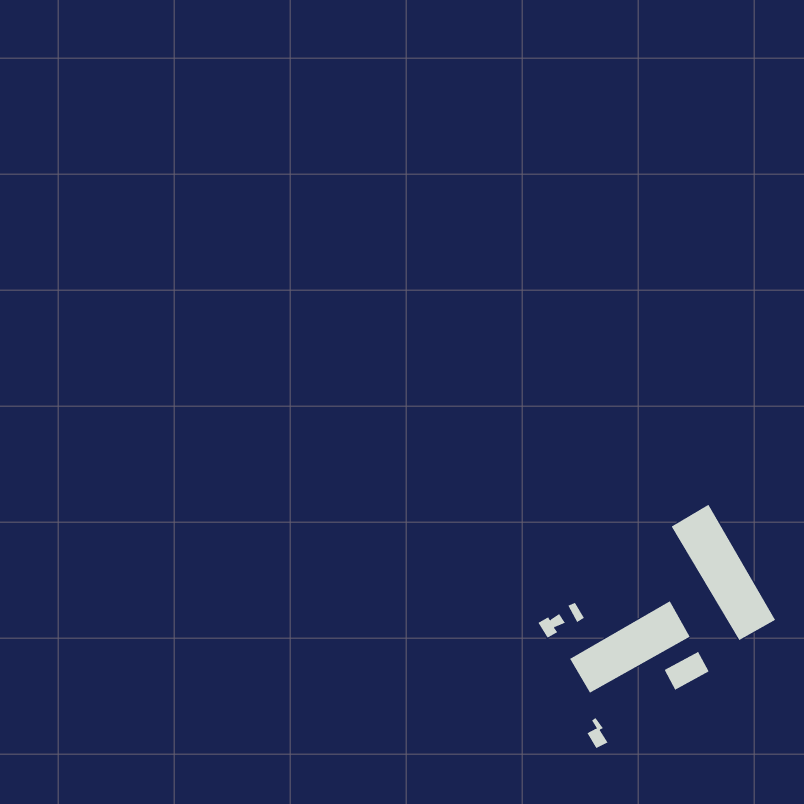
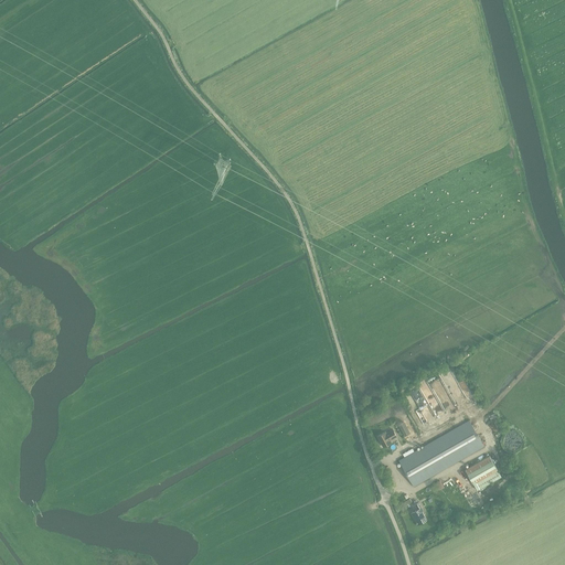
building: [671,504,776,641] -> none

